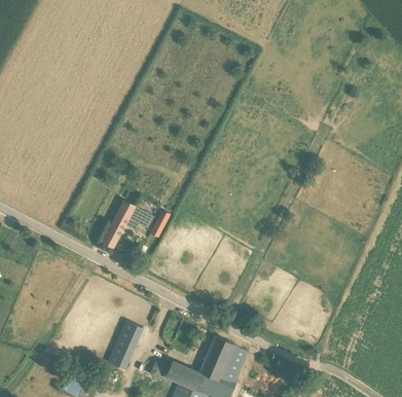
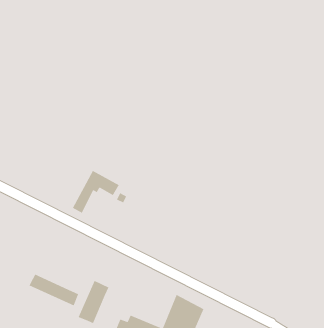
building: none -> [28,273,79,306]

